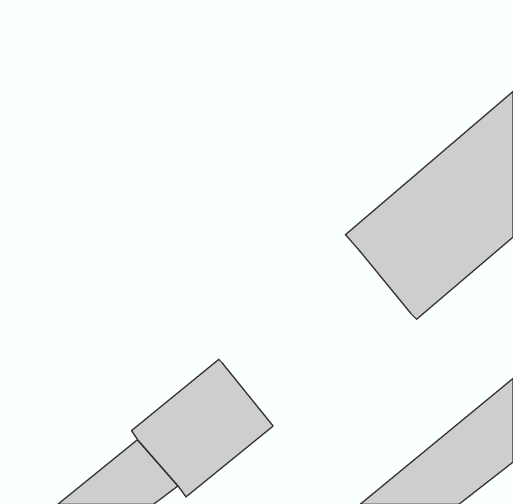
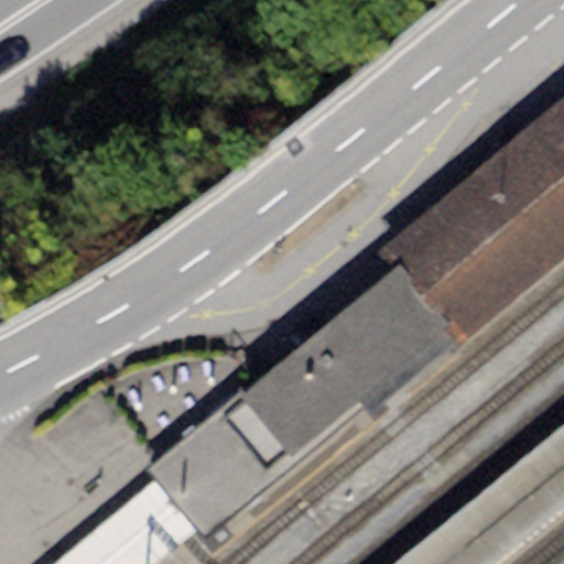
building: none -> [245,275,451,467]

